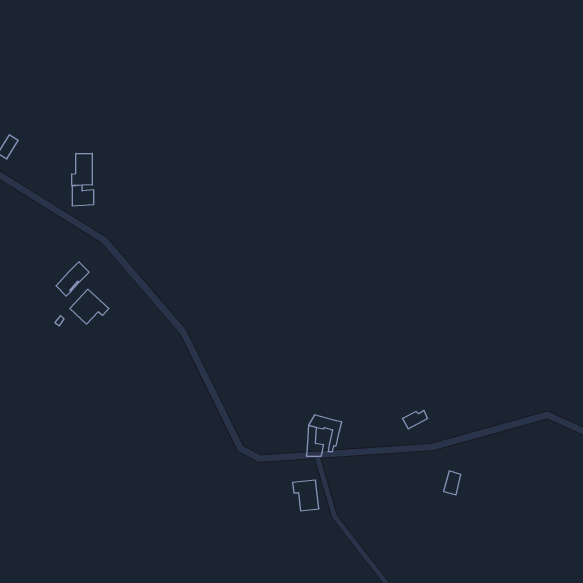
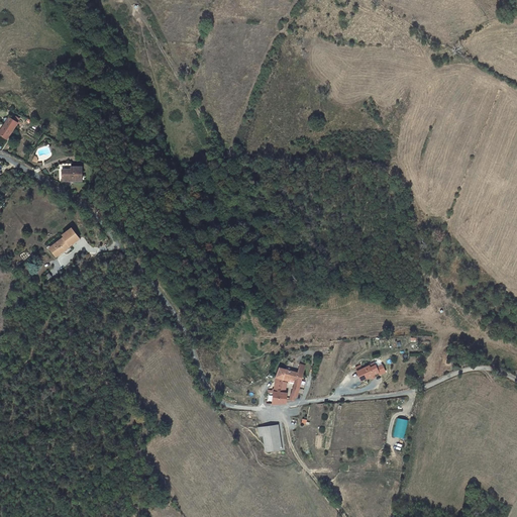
building: [72,153,92,185] -> none
building: [70,289,109,324] -> none

